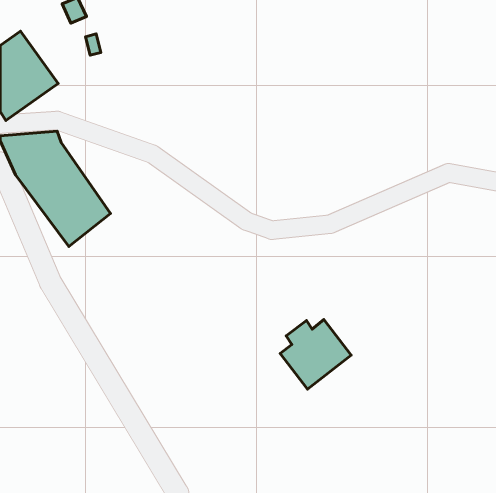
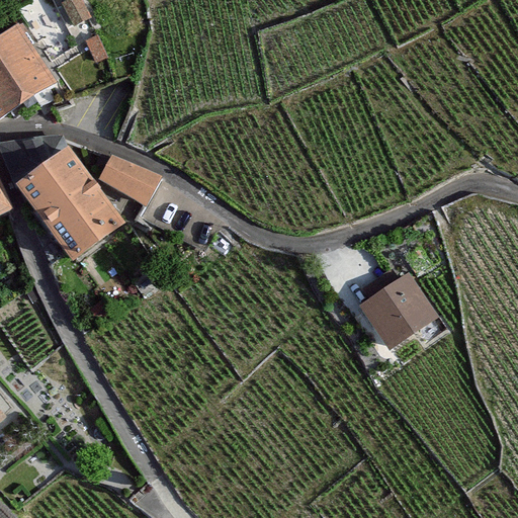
building: none -> [103,156,155,200]
building: [280,319,351,389] -> [362,272,436,345]

